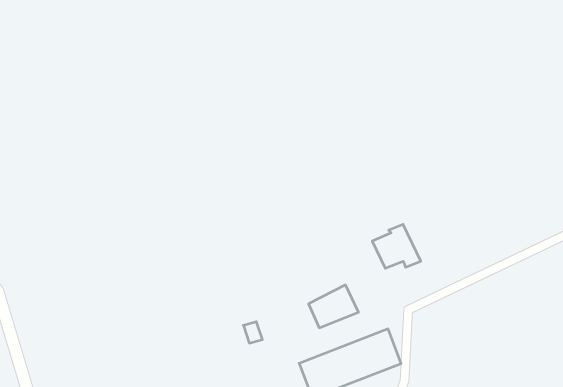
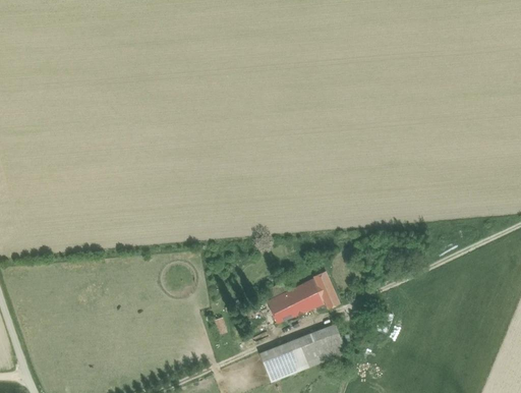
building: [372,224,421,268] -> [299,271,341,308]

